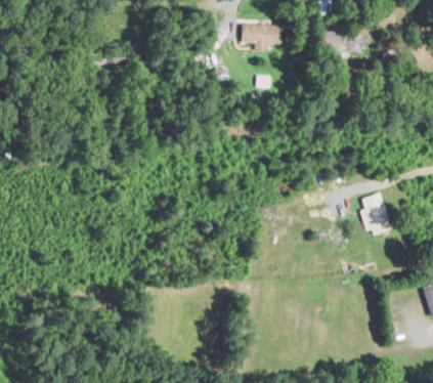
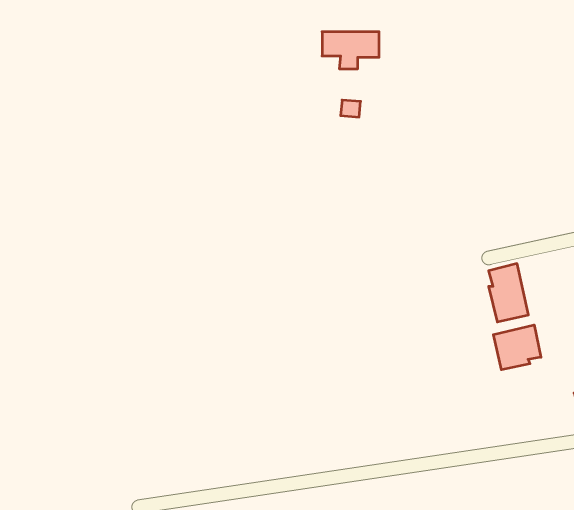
building: none -> [493,325,541,370]

